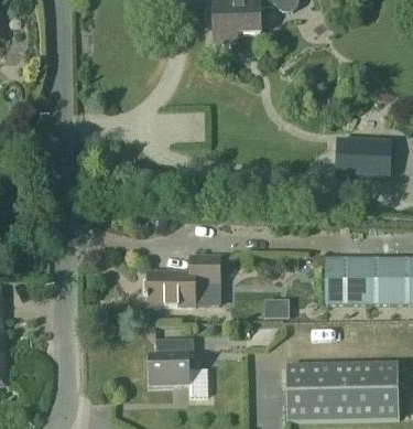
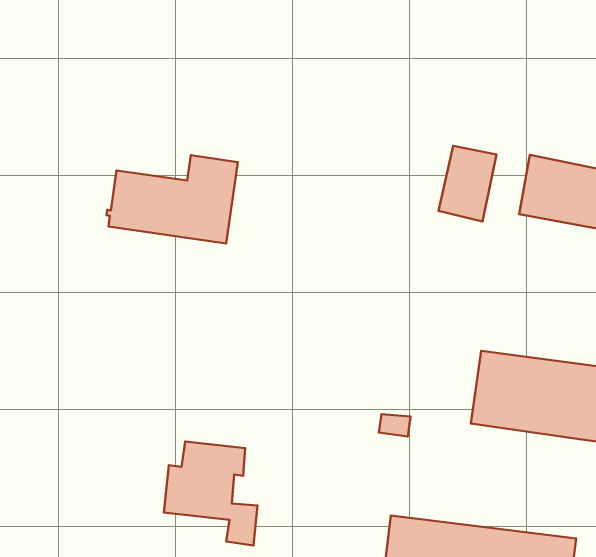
building: none -> [438,146,496,221]
building: [145,255,219,304] -> [106,155,238,244]

